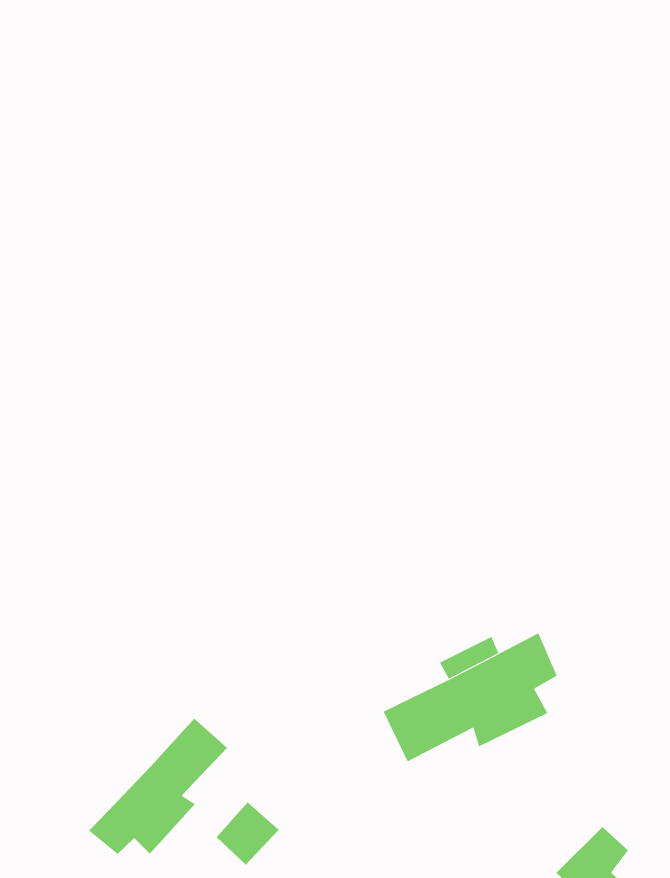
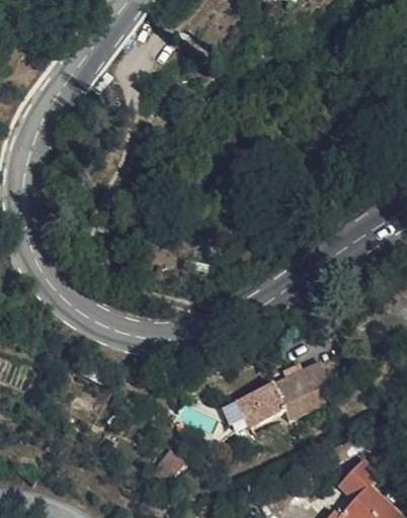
building: [88,718,228,855] -> none

